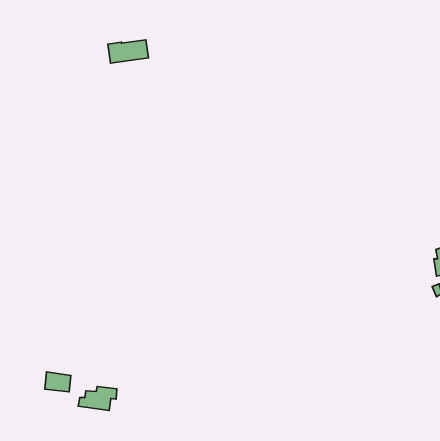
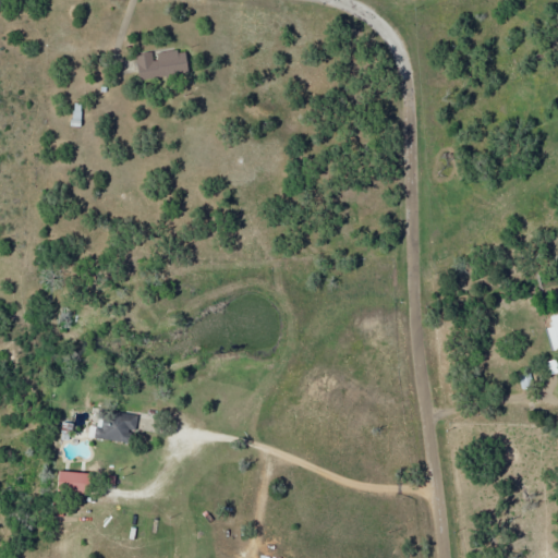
building: [78,386,117,411] -> [89,412,138,442]

